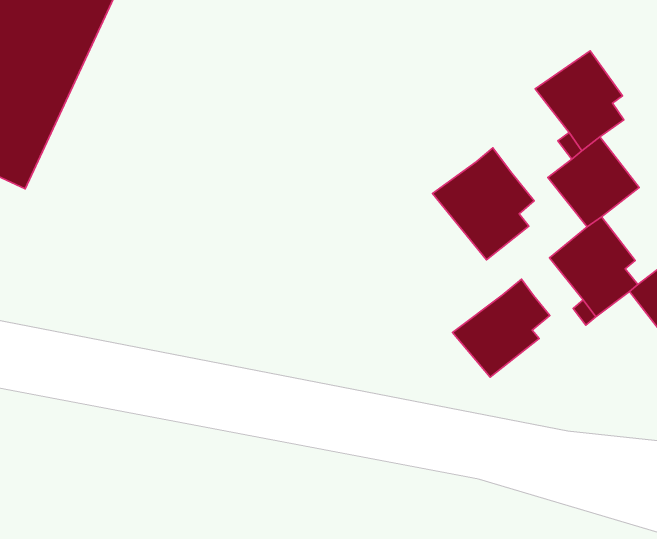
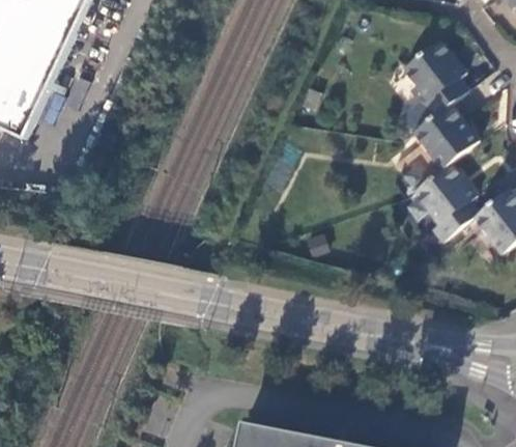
building: [433,148,534,260] -> none
building: [452,279,550,377] -> none

